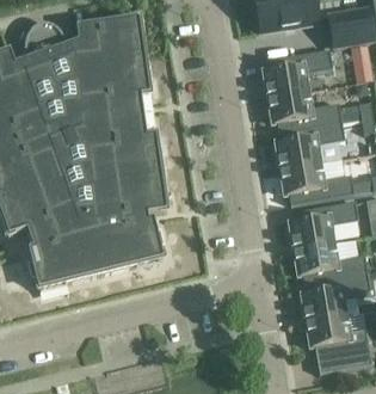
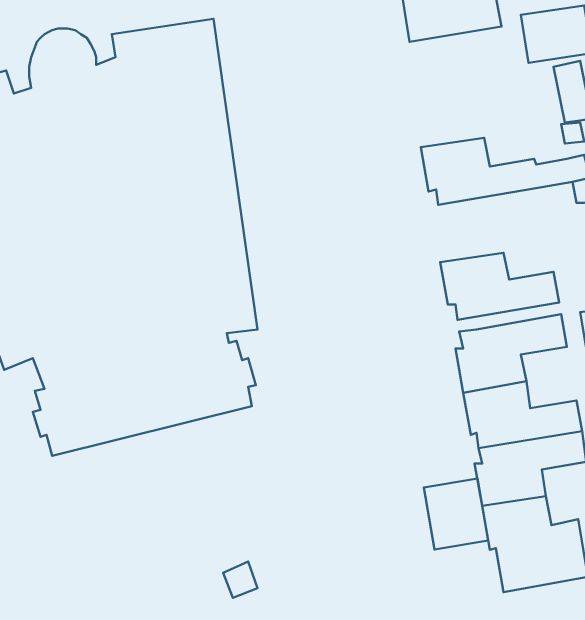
building: [263,49,333,97] -> none
building: [276,122,345,168] -> none
building: none -> [424,479,488,549]

